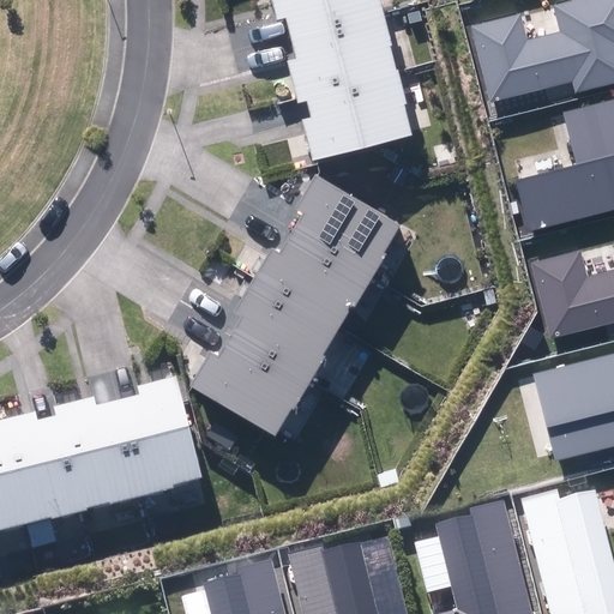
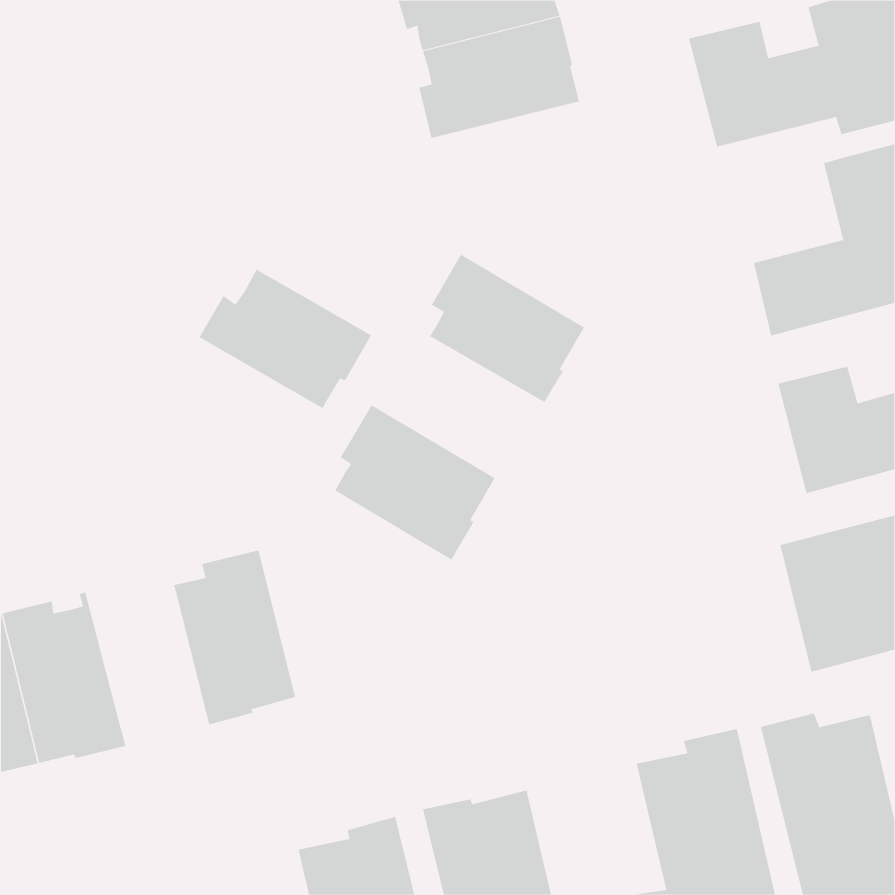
building: [295,70,411,159] -> none
building: [254,230,373,326] -> [199,269,372,409]
building: [188,336,309,438] -> none
building: [59,396,143,511] -> none

